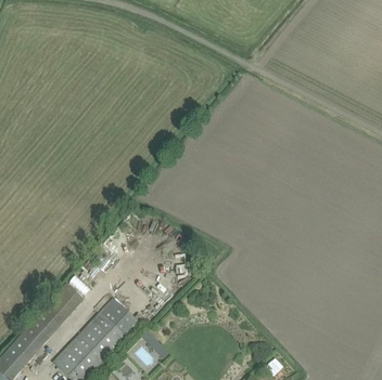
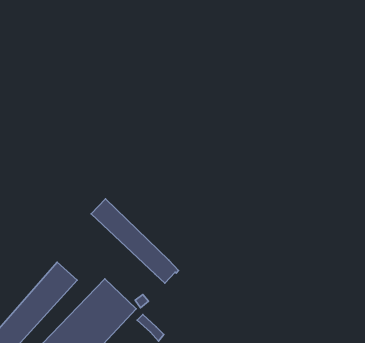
building: none -> [91,199,178,283]

